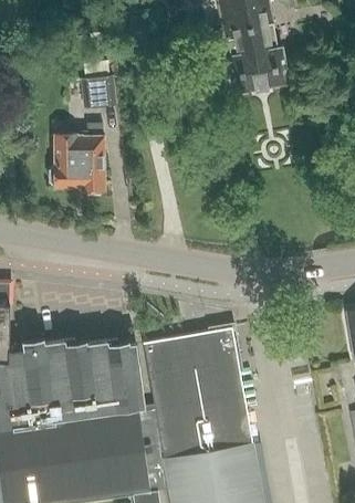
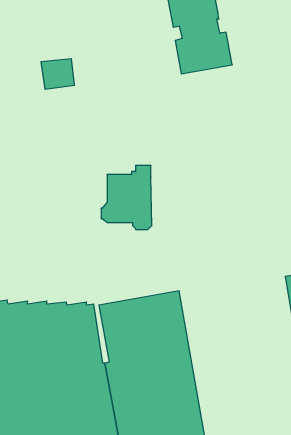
building: [49,125,104,195] -> [101,165,152,230]

